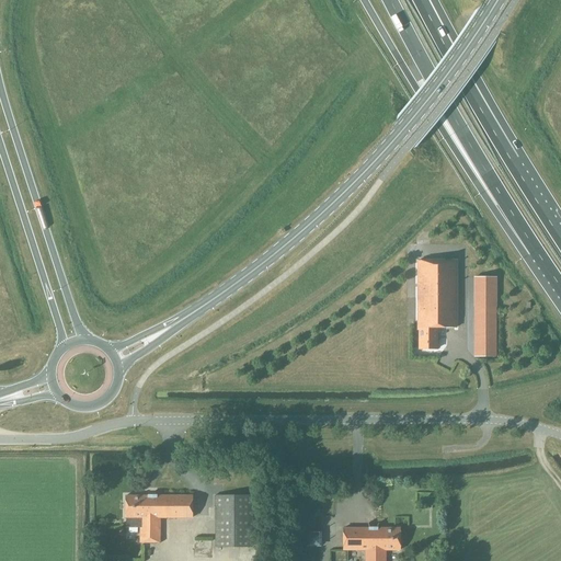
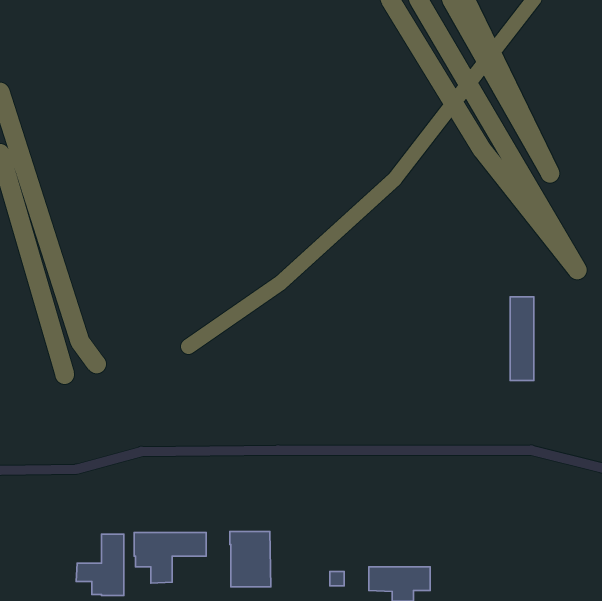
building: [417,260,456,348] -> none
building: none -> [76,534,124,595]

